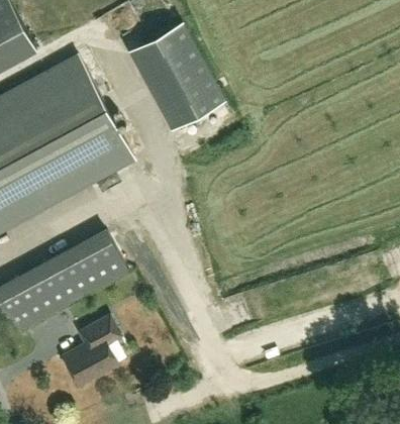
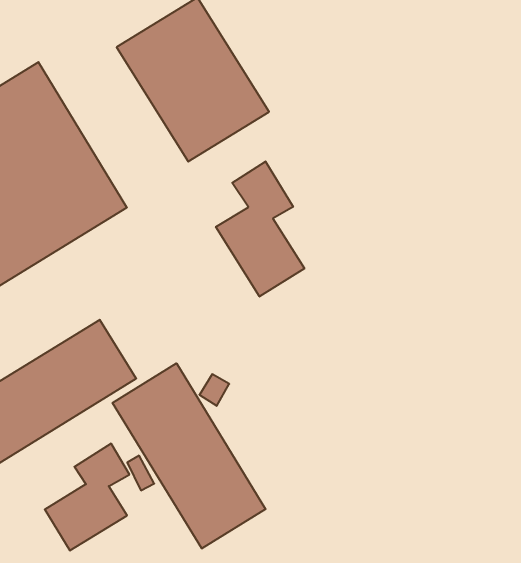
building: none -> [216,161,304,297]
building: none -> [113,363,266,549]

